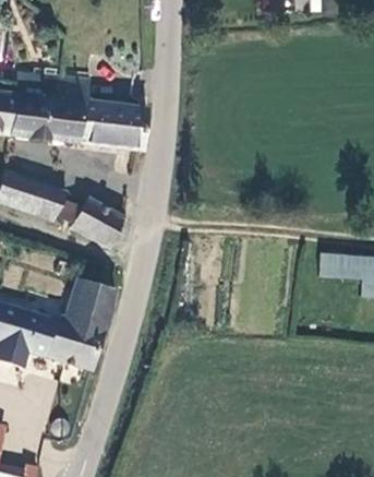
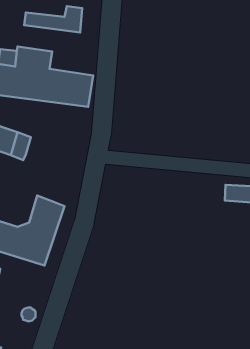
building: none -> [24,6,82,32]
building: [67,200,126,249] -> none

